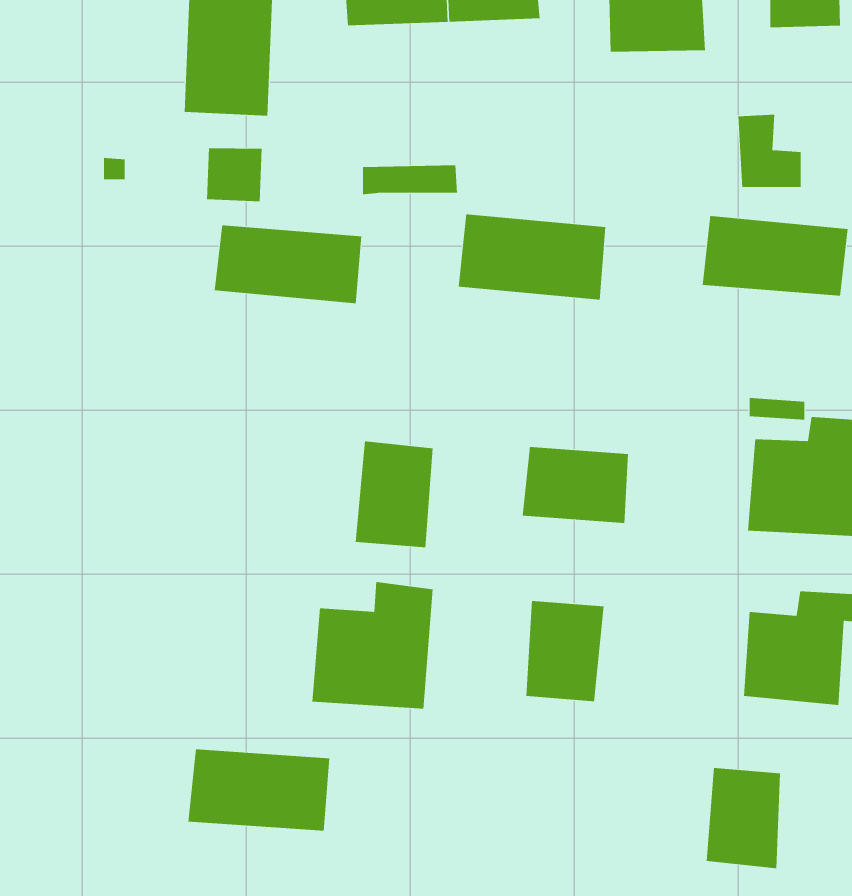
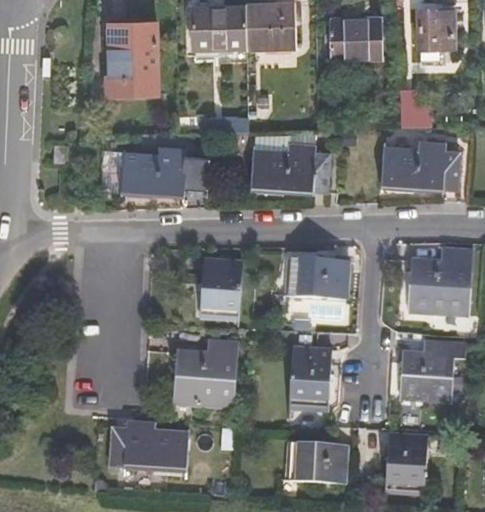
building: [207,147,262,202] -> none
building: none -> [293,442,351,483]

